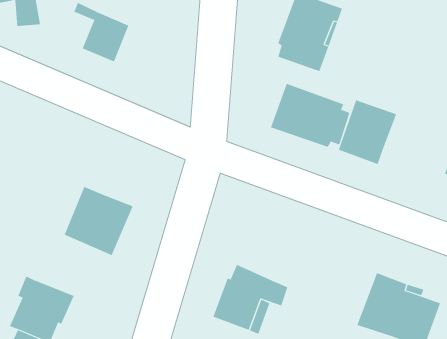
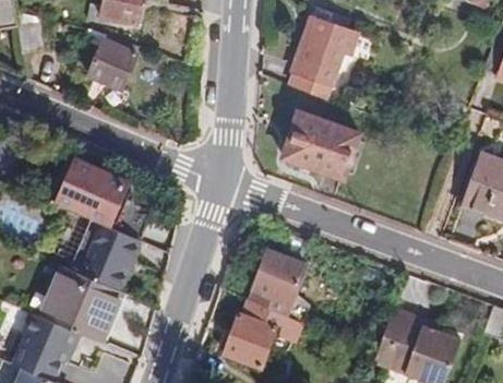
building: [338,99,397,165] -> none
building: none -> [68,165,147,239]
building: none -> [248,250,306,316]
building: none -> [38,264,124,342]

